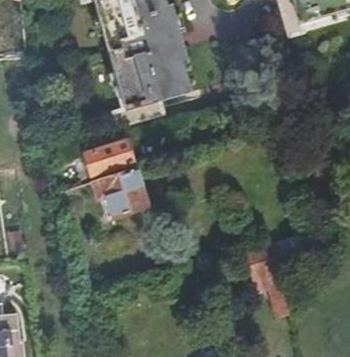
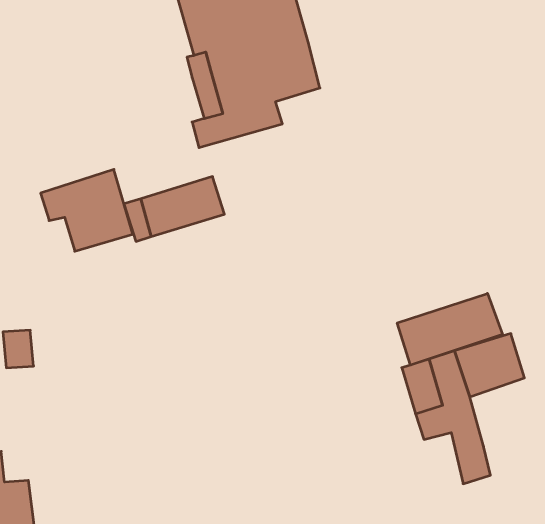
building: [93,166,147,215] -> [41,169,133,251]
building: none -> [397,293,502,365]

